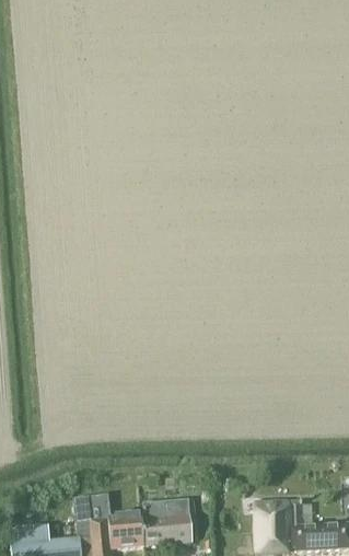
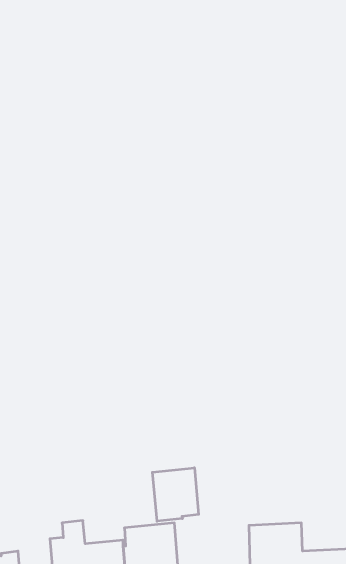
building: none -> [152,468,199,521]

